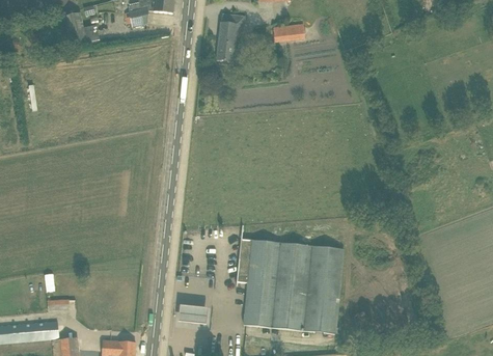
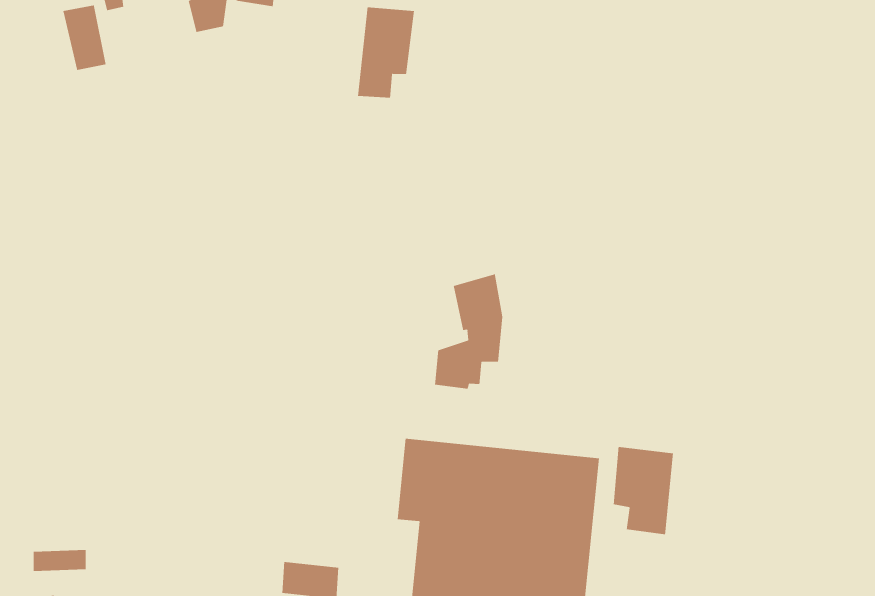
building: [273,23,305,42] -> none
building: none -> [435,274,503,389]
building: none -> [613,446,674,535]

